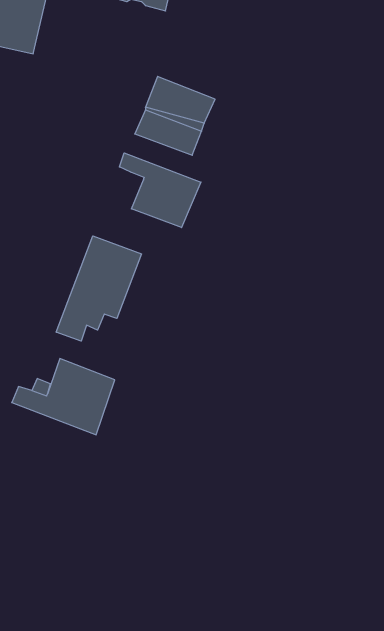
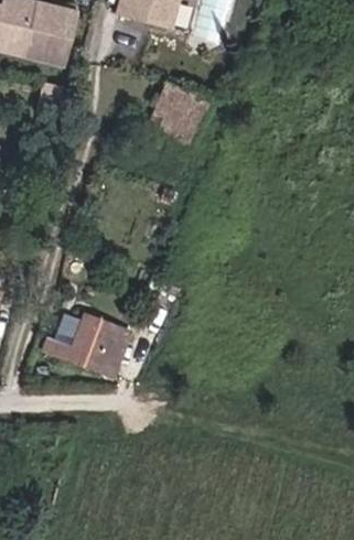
building: [119,153,201,228] -> none
building: [56,236,142,341] -> none

